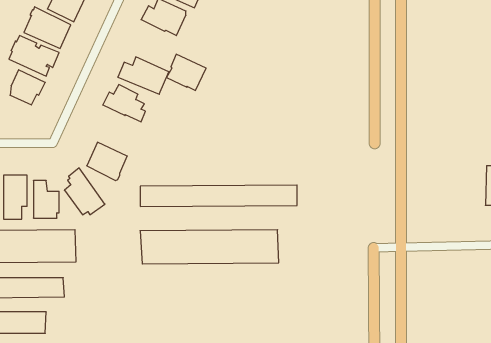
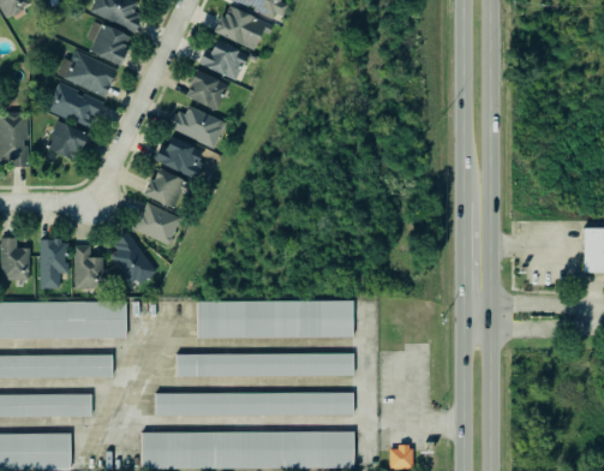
building: [167,54,206,90] -> [184,70,228,111]
building: none -> [142,169,196,209]
building: [140,185,297,206] -> [175,353,352,377]
building: none -> [154,393,351,415]

